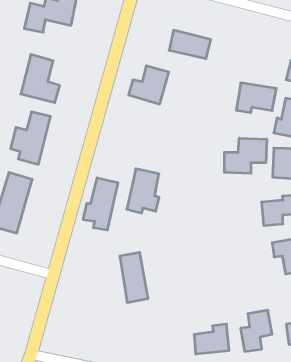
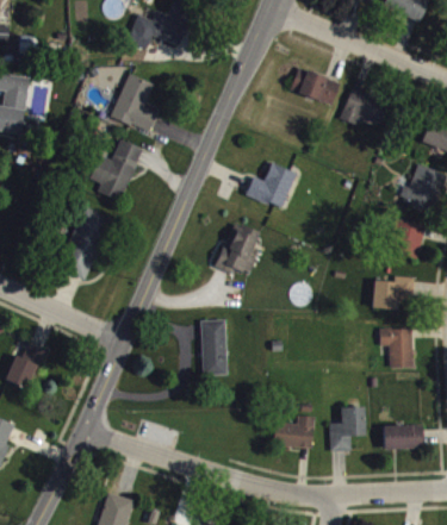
building: [129,66,169,104] -> [246,162,296,208]
building: [236,83,276,112] -> [340,88,390,125]
building: [224,138,267,173] -> none
building: [83,178,118,230] -> none

